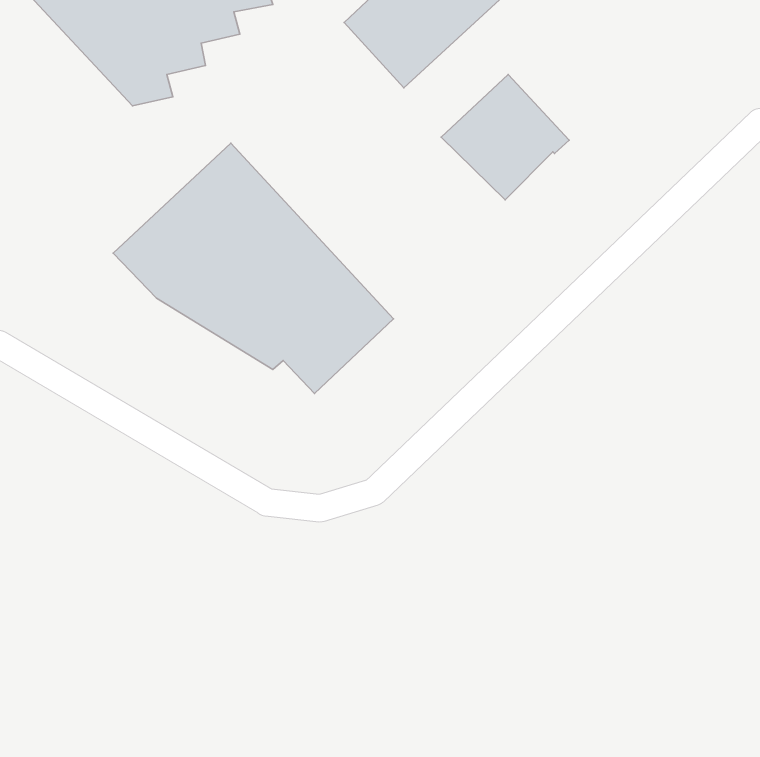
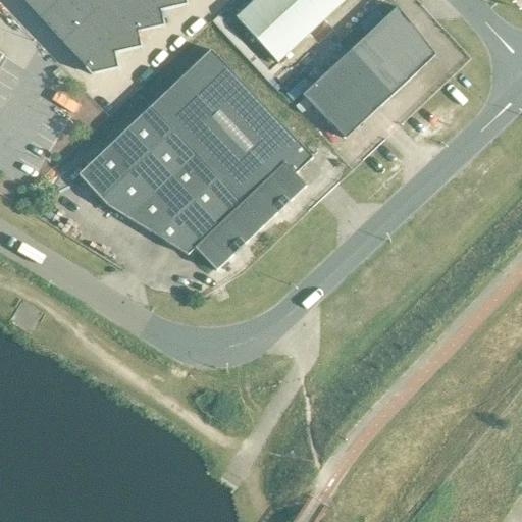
building: none -> [348,5,435,96]
building: none -> [158,48,312,218]

